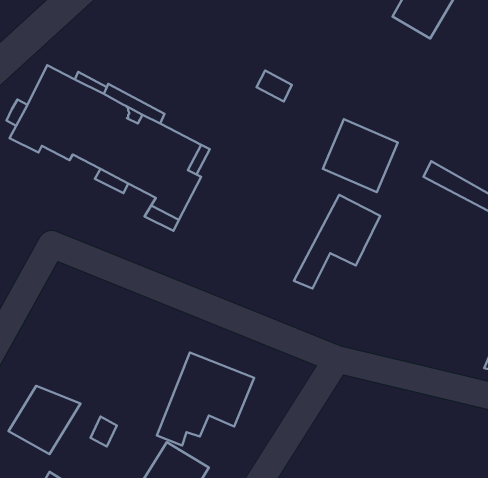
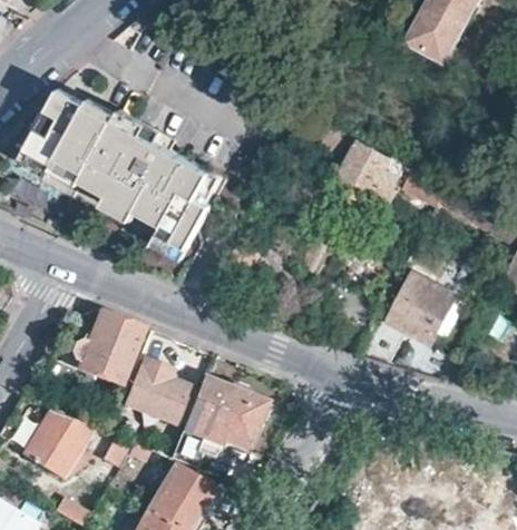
building: [294,195,380,289] -> [369,269,456,364]
building: none -> [67,307,143,382]
building: none -> [118,361,184,425]

